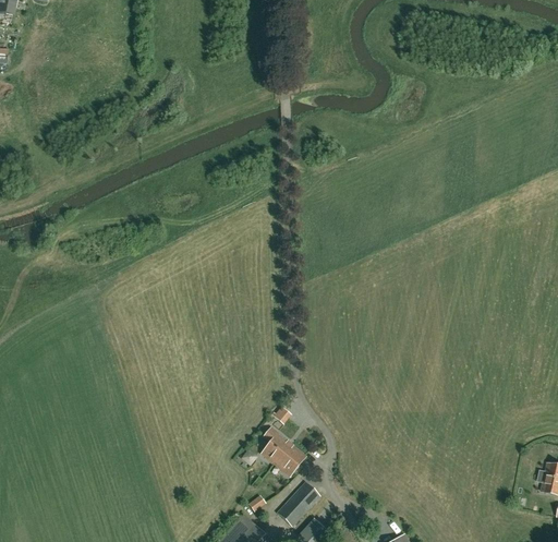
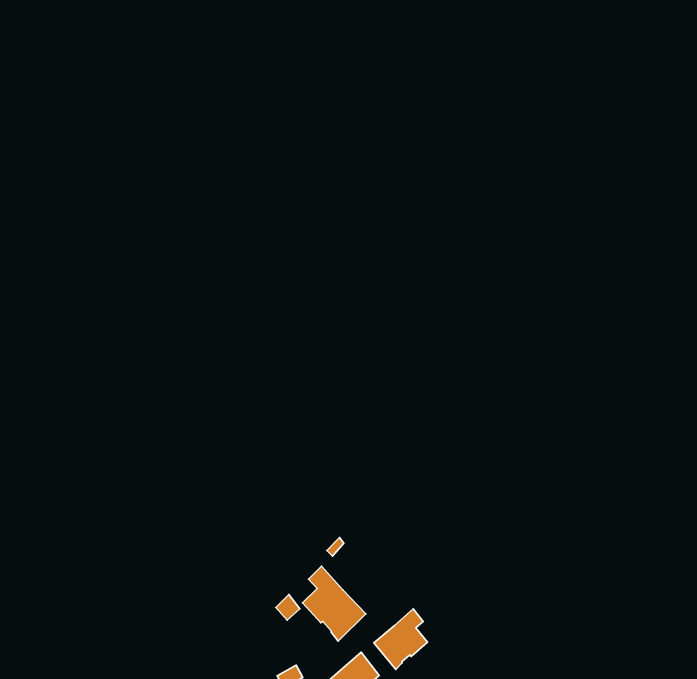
building: none -> [374,609,428,669]

